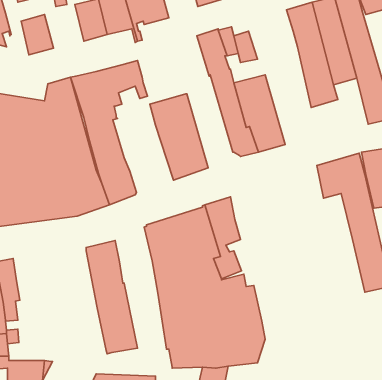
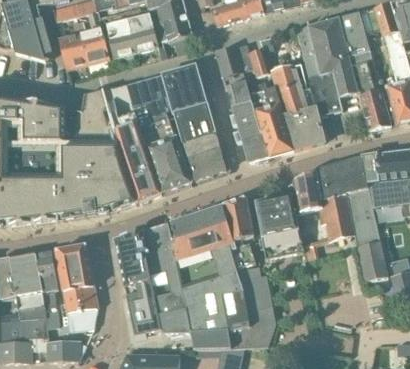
building: none -> [80,27,109,62]
building: none -> [272,61,324,148]
building: none -> [163,64,206,112]
building: none -> [141,96,191,191]
building: none -> [295,167,355,239]
building: none -> [255,193,302,256]
building: none -> [145,222,189,331]
building: none -> [56,243,98,330]

